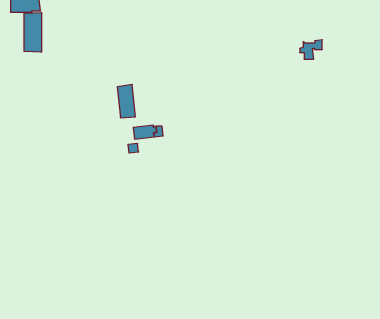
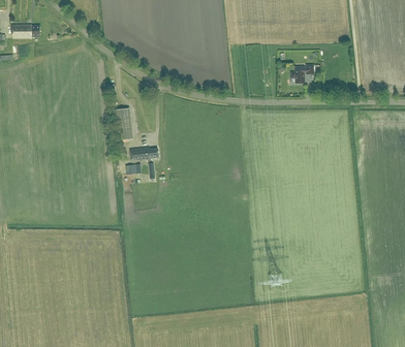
building: [24,12,41,52] -> none

